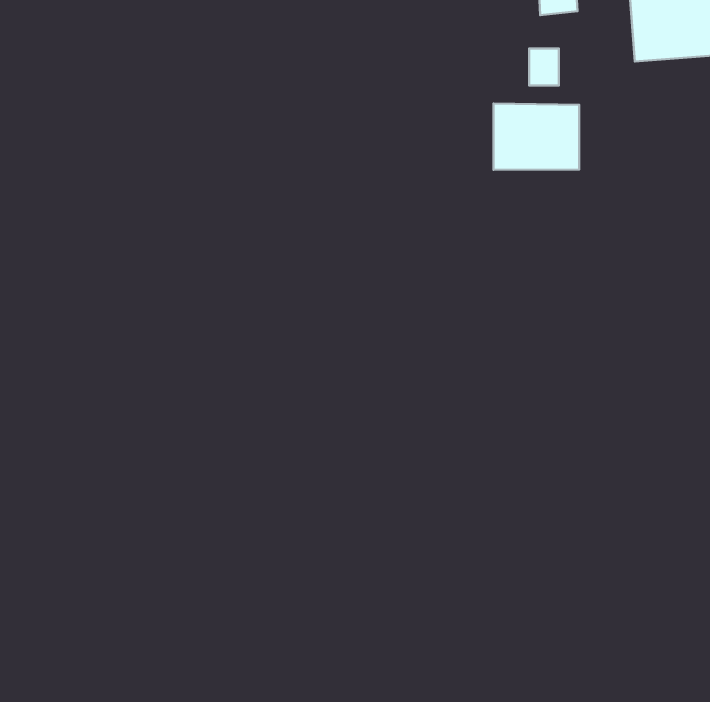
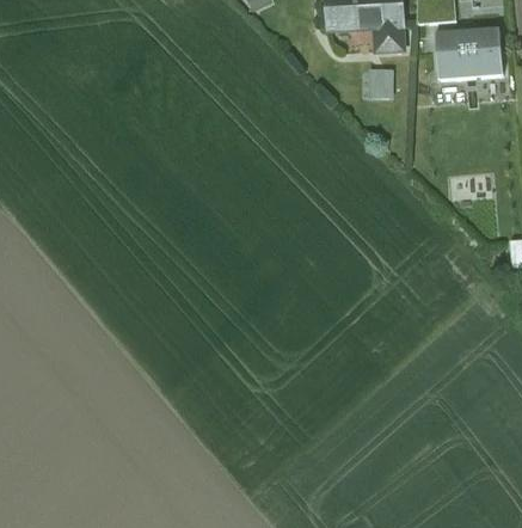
building: [494,103,579,170] -> none

